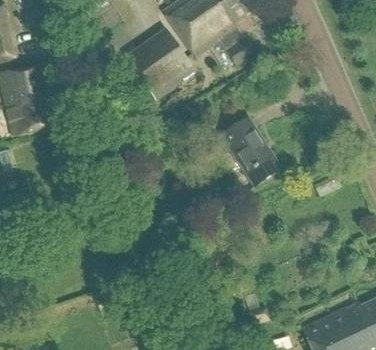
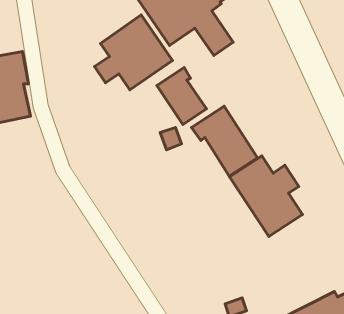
building: none -> [157,68,206,125]
building: none -> [230,156,302,237]

